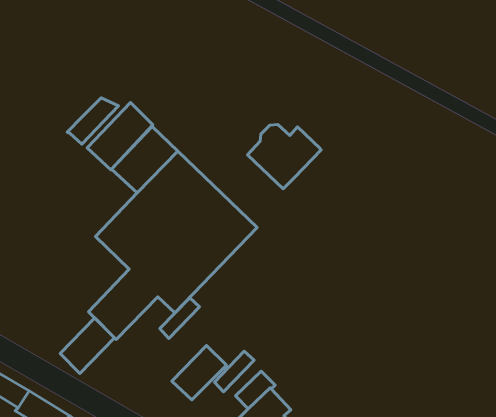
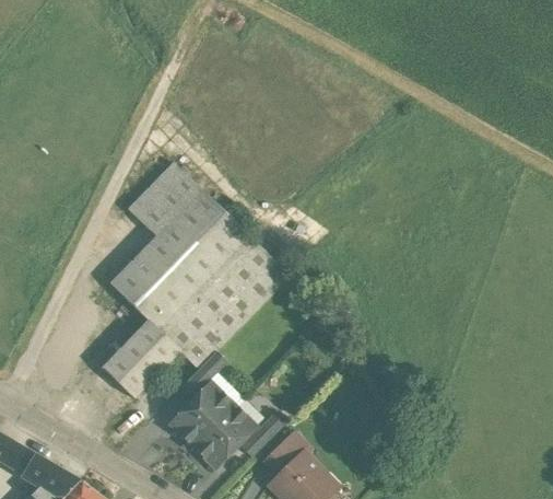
building: [67,98,119,144] -> none
building: [87,103,153,170] -> none
building: [247,125,321,189] -> none
building: [60,318,115,373] -> [173,383,233,444]

